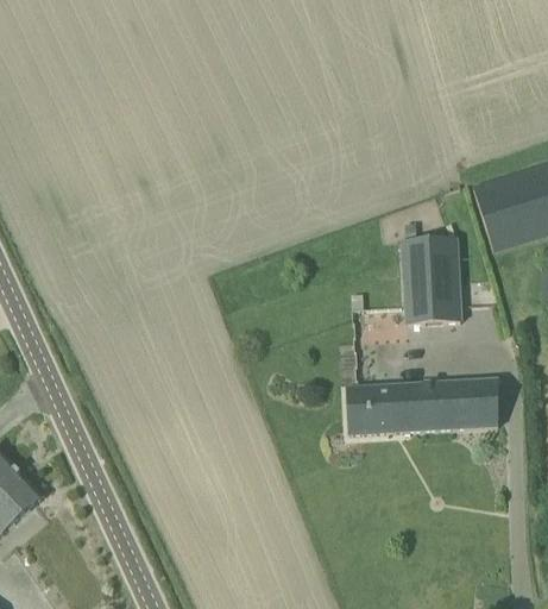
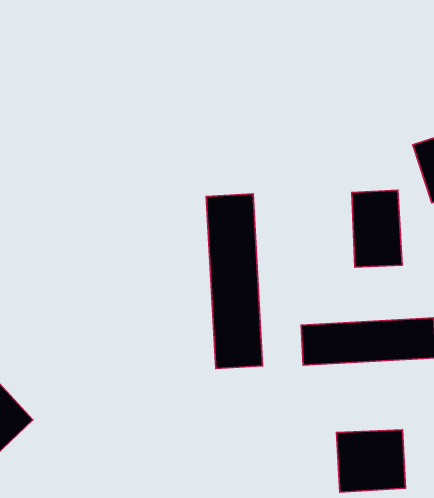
building: none -> [206,194,263,369]
building: none -> [337,430,406,492]

